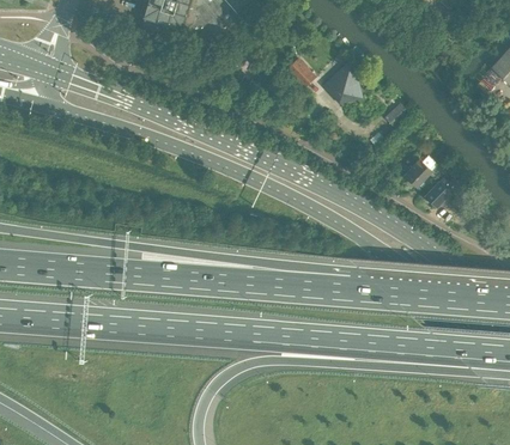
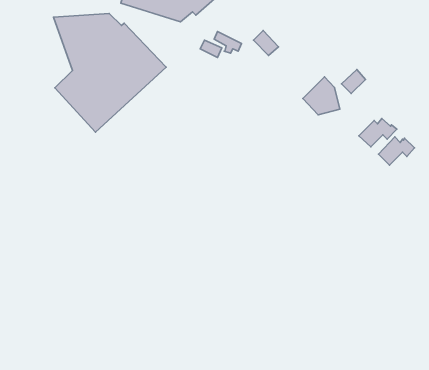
building: none -> [53,13,166,132]
building: [321,62,362,104] -> [303,77,340,115]

